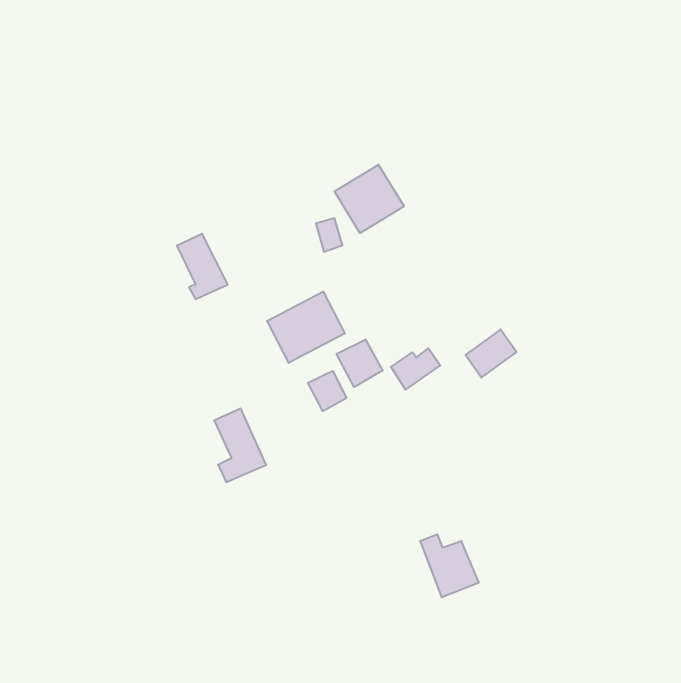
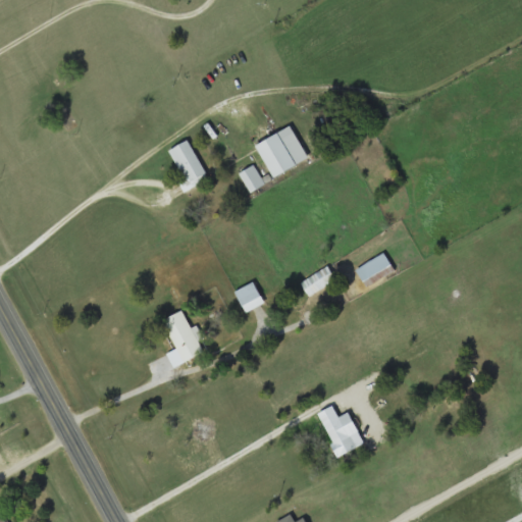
building: [177,234,228,299] -> [168,140,207,190]
building: [267,292,345,363] -> none
building: [337,339,383,387] -> none

